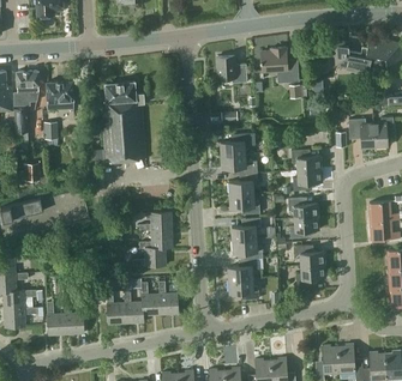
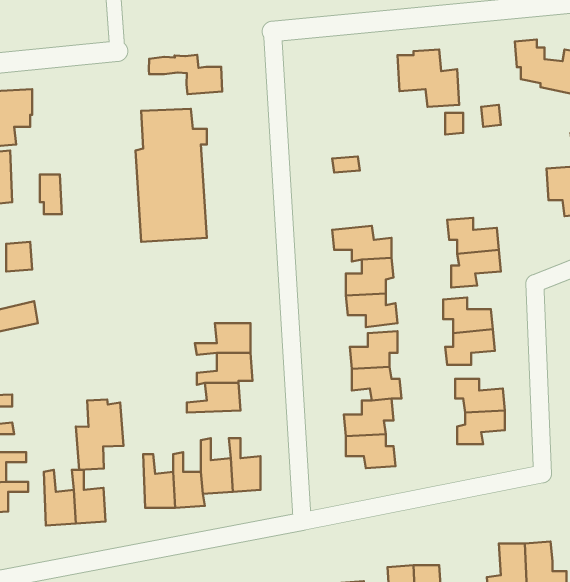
building: none -> [149,55,222,94]
building: [217,55,246,83] -> none
building: [47,81,74,110] -> none
building: [221,133,254,156] -> none
building: none -> [76,400,123,470]

